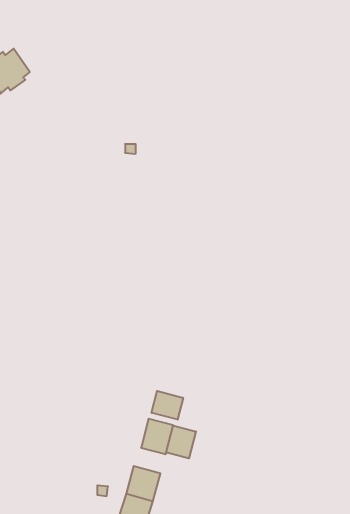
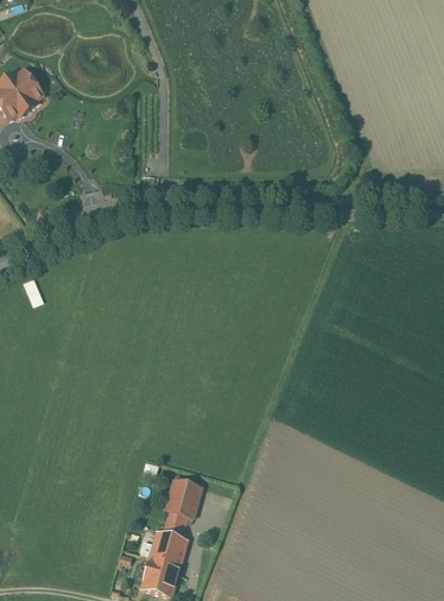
building: [152,391,183,420] -> none
building: [166,426,196,458] -> none

